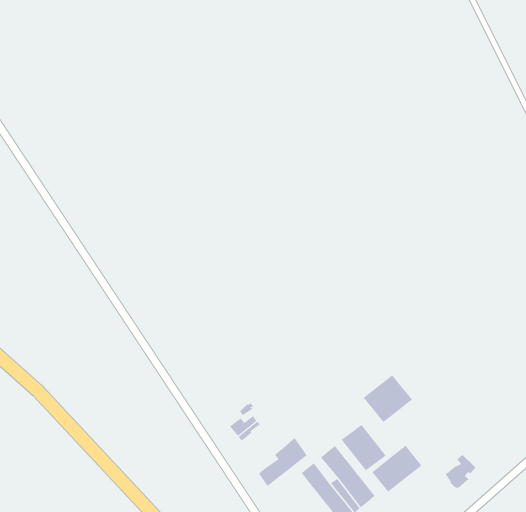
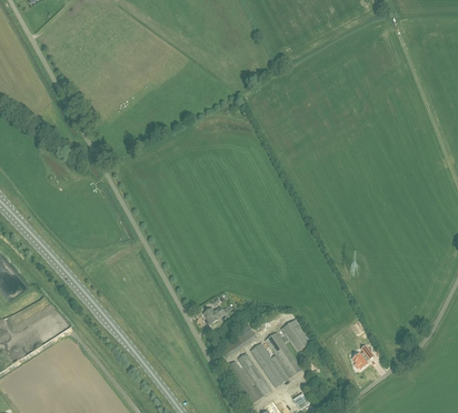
building: [363,374,413,423] -> none
building: [371,445,422,492] -> none

